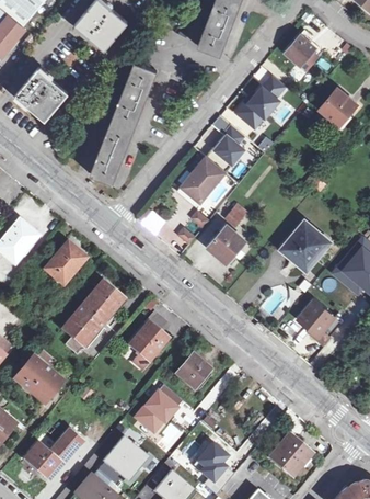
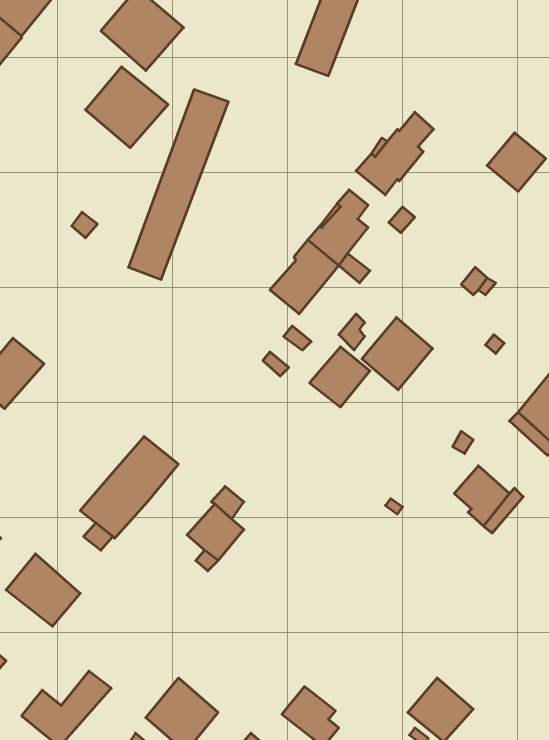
building: [286,35,322,69] -> none
building: [21,69,73,121] -> [85,67,168,148]
building: [284,222,328,268] -> [362,317,433,390]
building: [44,241,85,284] -> none
building: [175,353,211,389] -> none
building: [131,389,176,434] -> none

